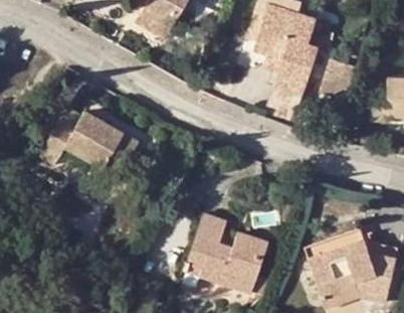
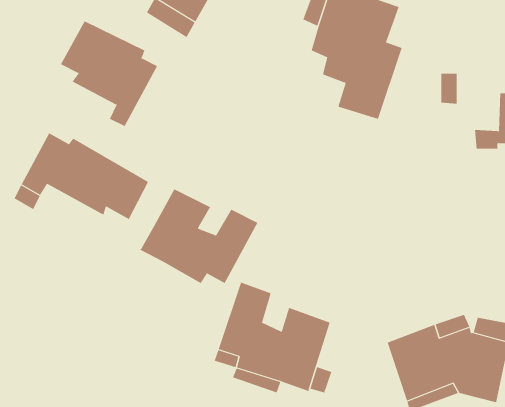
building: none -> [60,20,158,127]
building: none -> [139,189,258,284]

